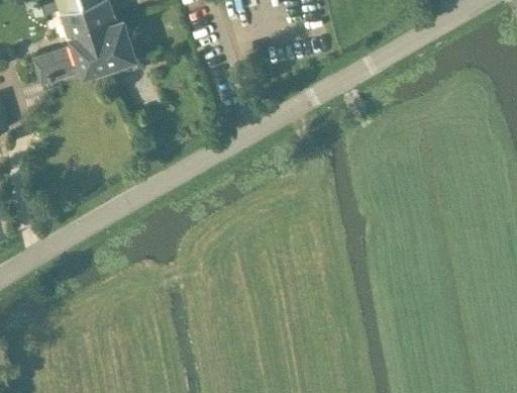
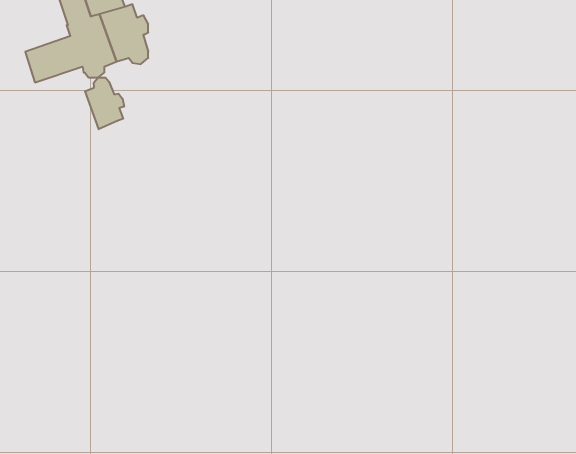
building: none -> [85,77,124,129]

